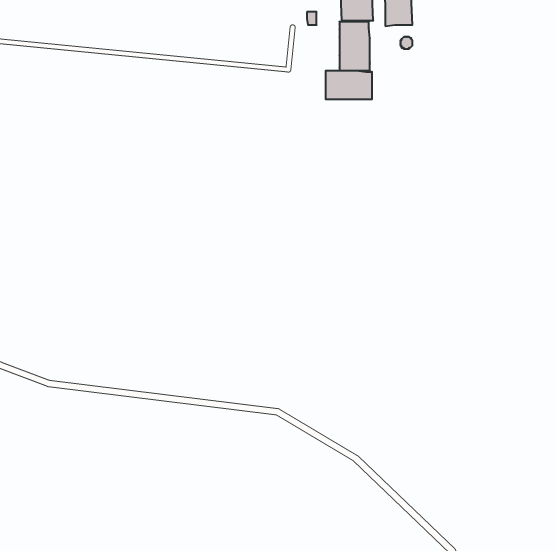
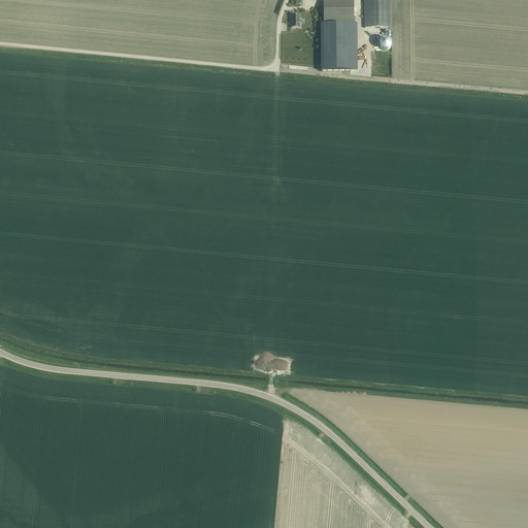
building: [326,71,372,99] -> none

